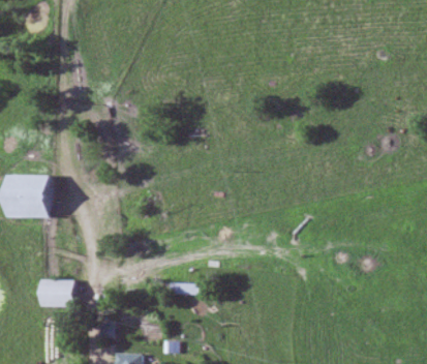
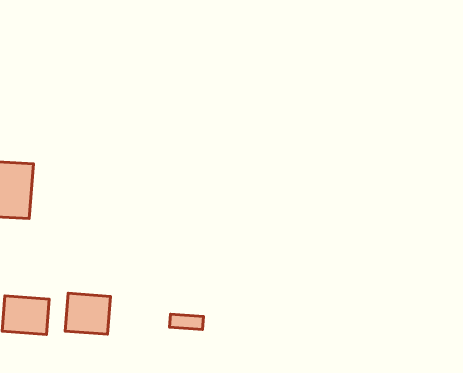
building: none -> [65,293,110,334]

